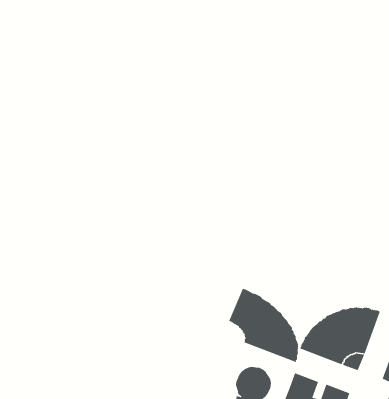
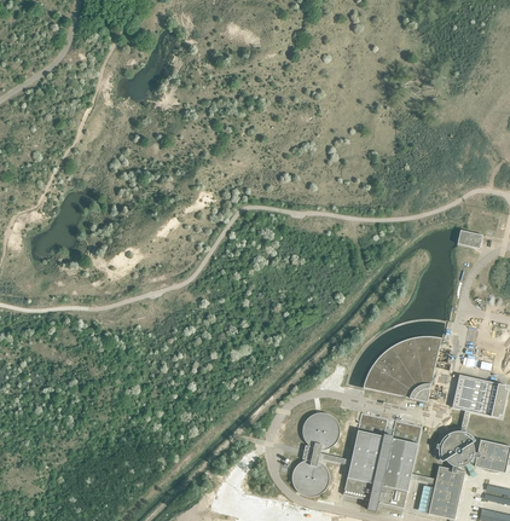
building: [229,288,299,363] -> none

